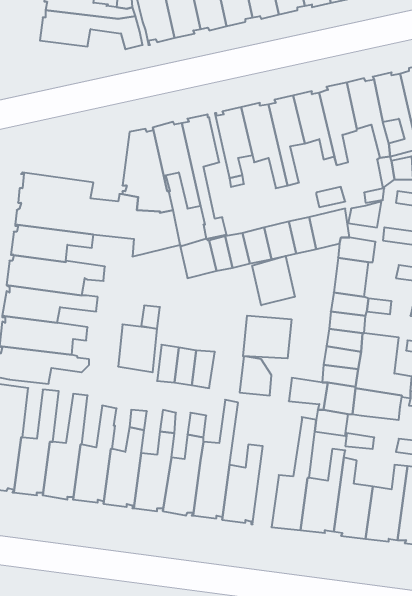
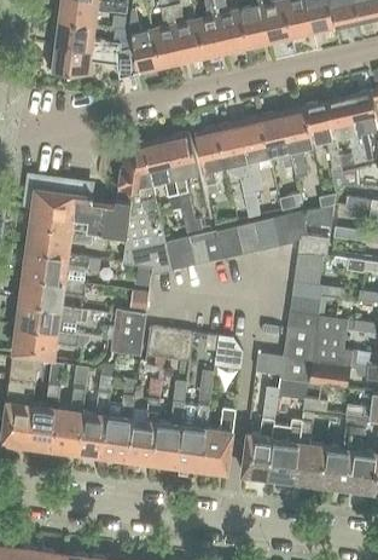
building: none -> [123,242,171,273]
building: [252,256,295,305] -> none
building: [243,316,291,358] -> none

